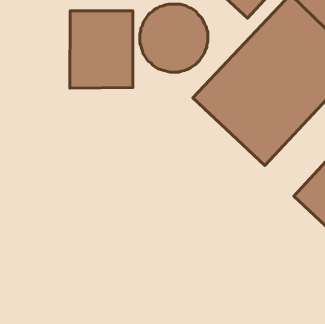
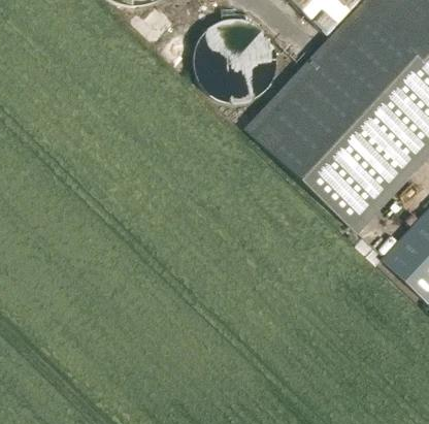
building: [70,11,133,88] -> none

